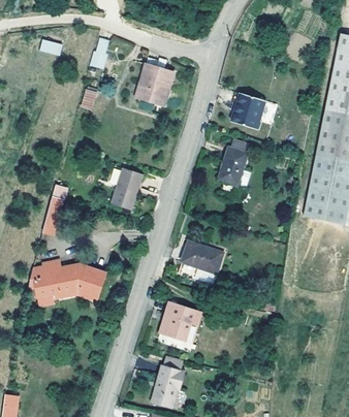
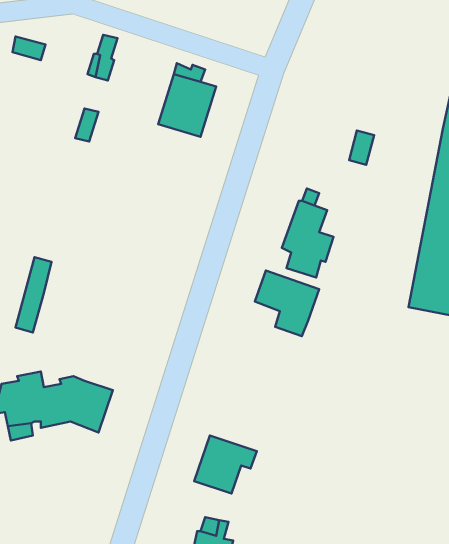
building: [230,93,264,129] -> none
building: [112,168,141,208] -> none
building: [181,240,223,284] -> [255,270,319,336]

